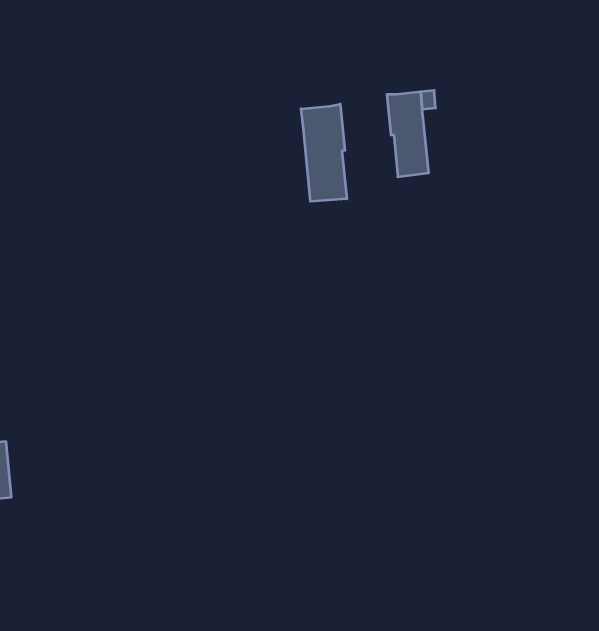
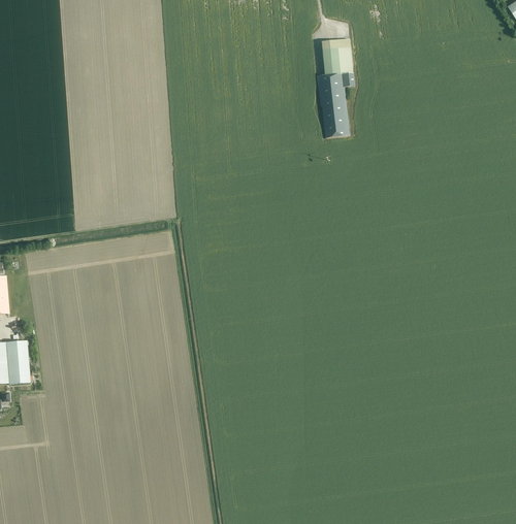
building: [301,104,347,201] -> none

